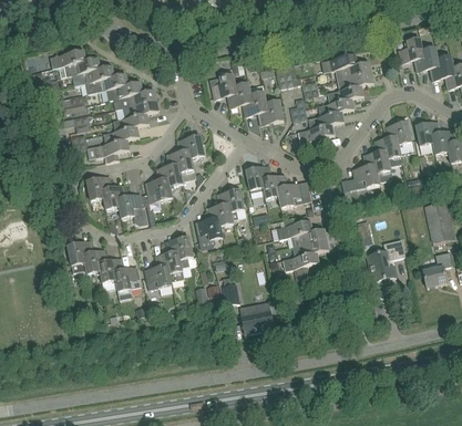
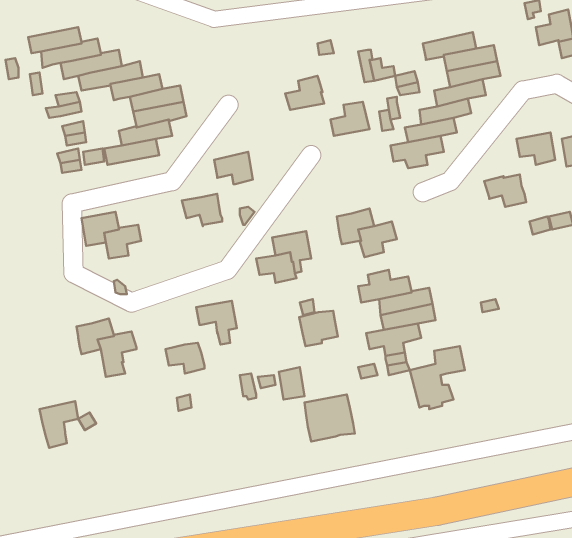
building: [209,67,236,97] -> none
building: [242,84,267,115] -> none
building: [373,137,402,164] -> none
building: [93,139,130,162] -> none
building: [166,150,194,178] -> none
building: [245,165,271,196] -> none
building: [352,165,379,188] -> none
building: [145,178,172,201] -> none
building: [117,194,147,225] -> none
building: [195,218,222,242] -> [299,311,338,346]
building: [367,239,404,282] -> [410,346,465,409]
building: [66,240,93,272] -> [39,401,78,448]
building: [155,251,184,281] -> none
building: [114,267,141,299] -> none

